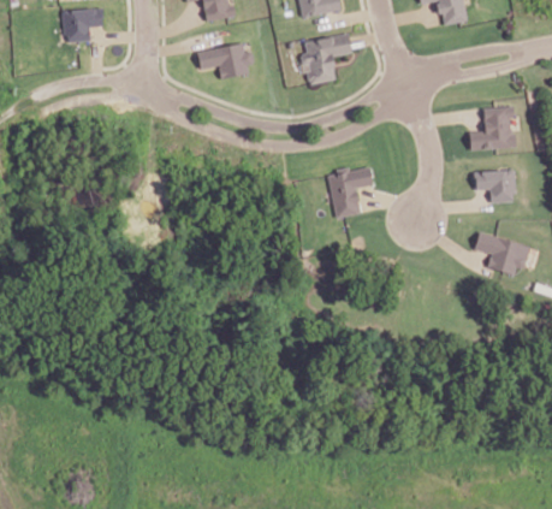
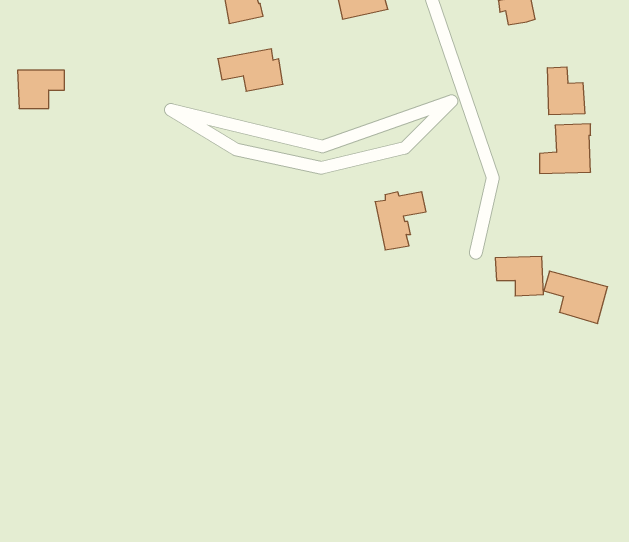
building: [64,10,103,42] -> [18,70,64,108]
building: [303,31,354,81] -> none
building: none -> [547,67,585,115]
building: [474,170,515,203] -> [495,256,543,296]

